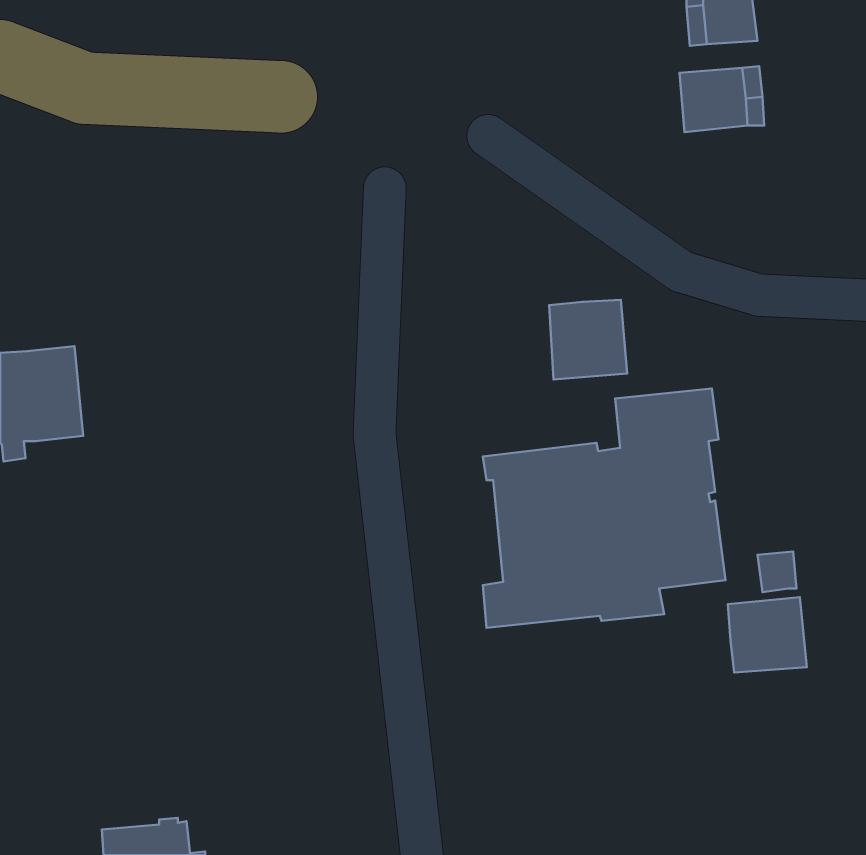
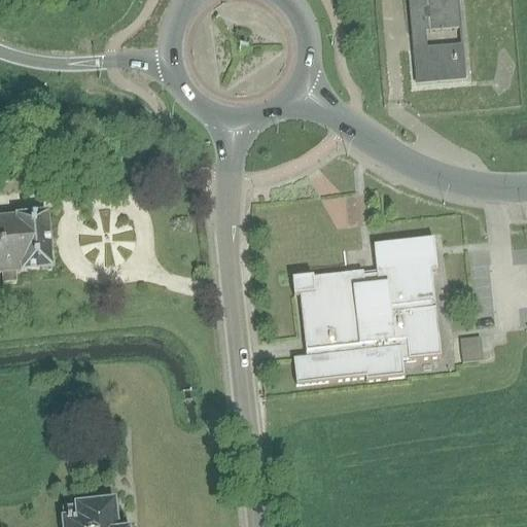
building: [549,300,627,380] -> none
building: [728,597,807,673] -> none

